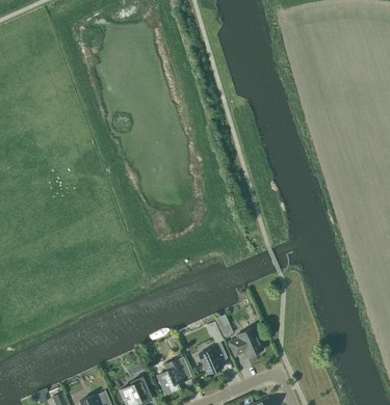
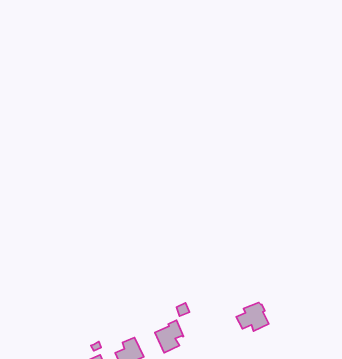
building: [229,328,262,357] -> [236,303,269,331]

